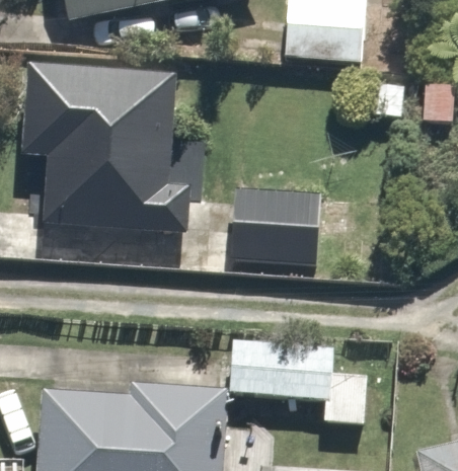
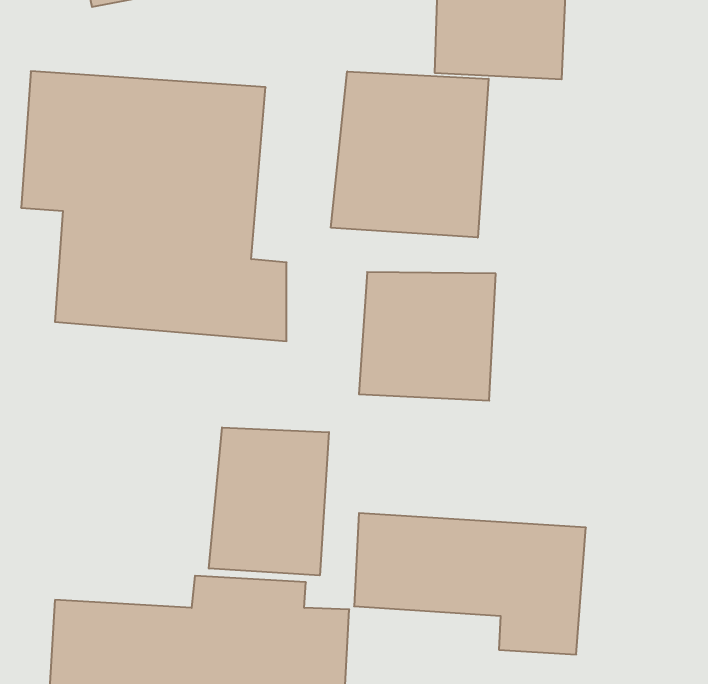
building: none -> [331,71,489,238]
building: none -> [209,427,329,575]

